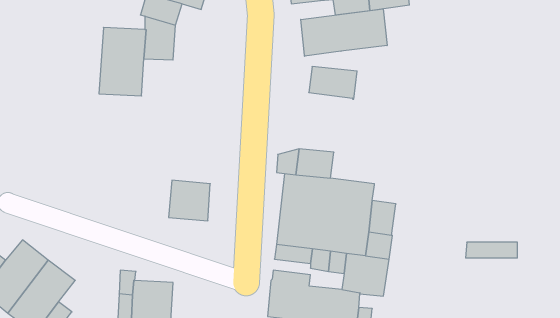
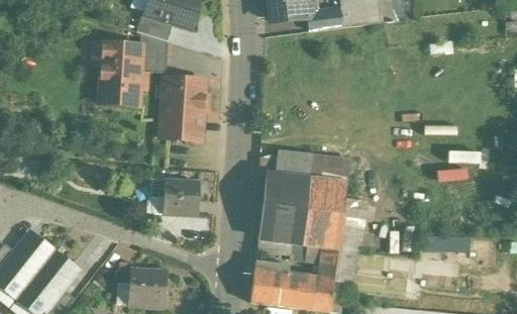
building: [301,9,387,56] -> none
building: [309,67,357,99] -> [307,154,350,184]
building: none -> [160,78,204,139]

